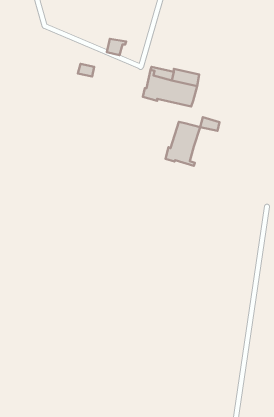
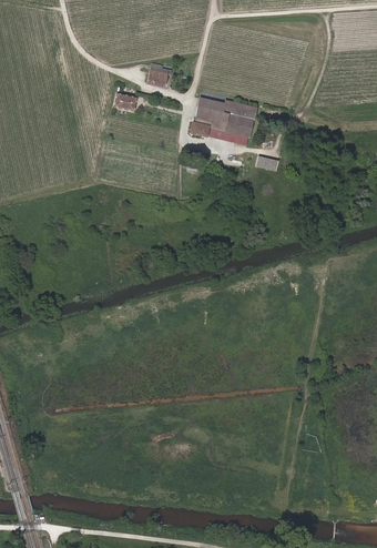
building: [166,122,200,166] -> none

